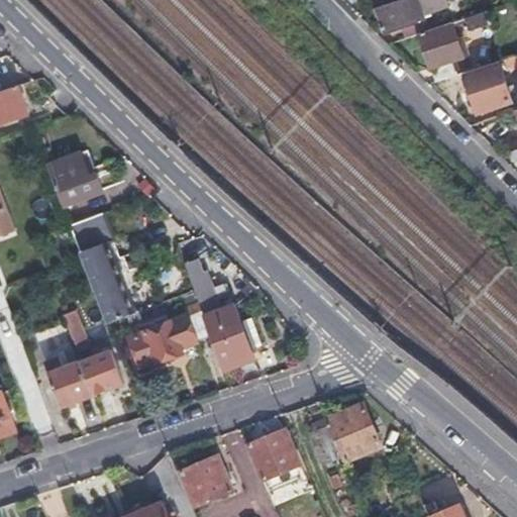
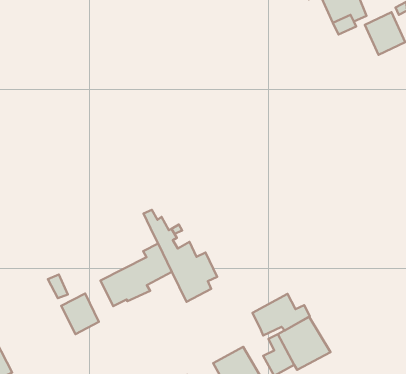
building: [47,148,104,206] -> none
building: [70,214,132,323] -> none
building: [46,359,92,406] -> none
building: none -> [252,294,310,335]

